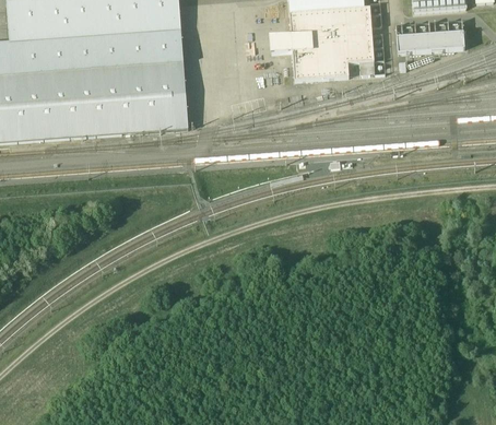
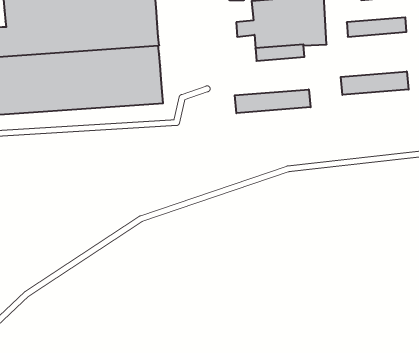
building: none -> [341,71,409,95]
building: none -> [235,89,311,113]

